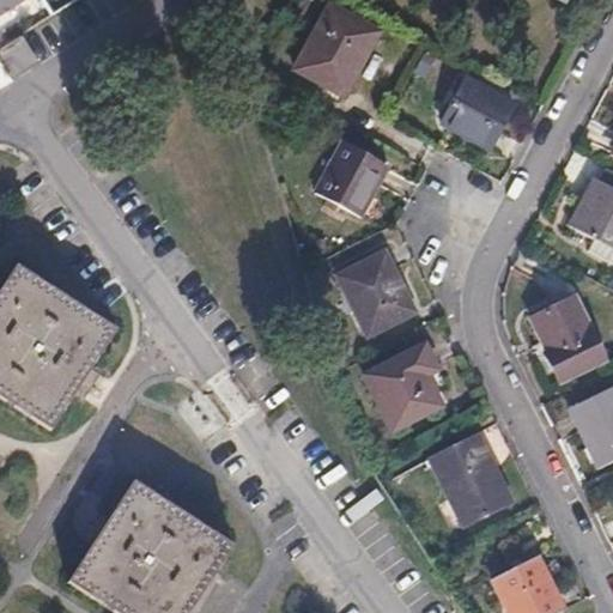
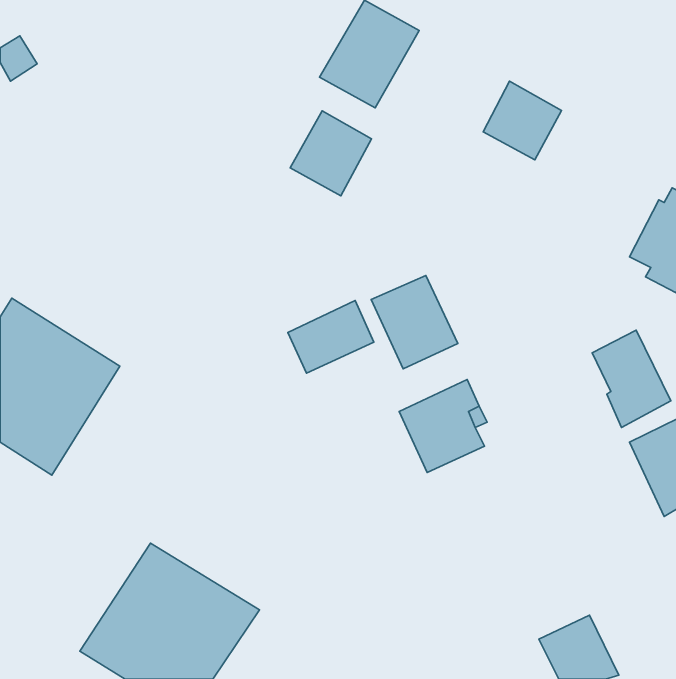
building: [312,138,386,214] -> [290,111,371,196]
building: none -> [288,300,374,373]
building: [429,433,508,522] -> none

